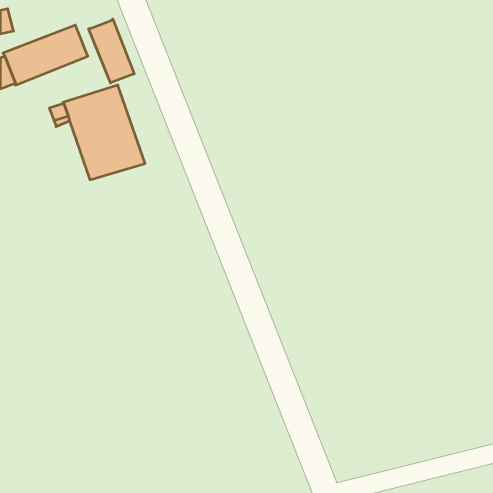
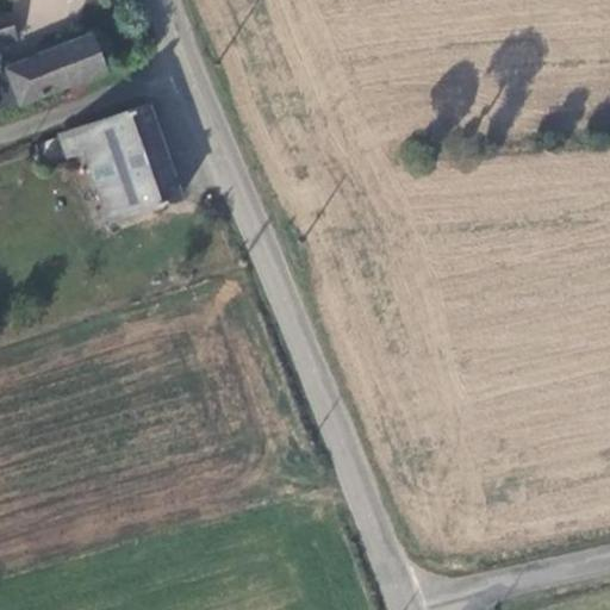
building: [89,19,134,83] -> none

